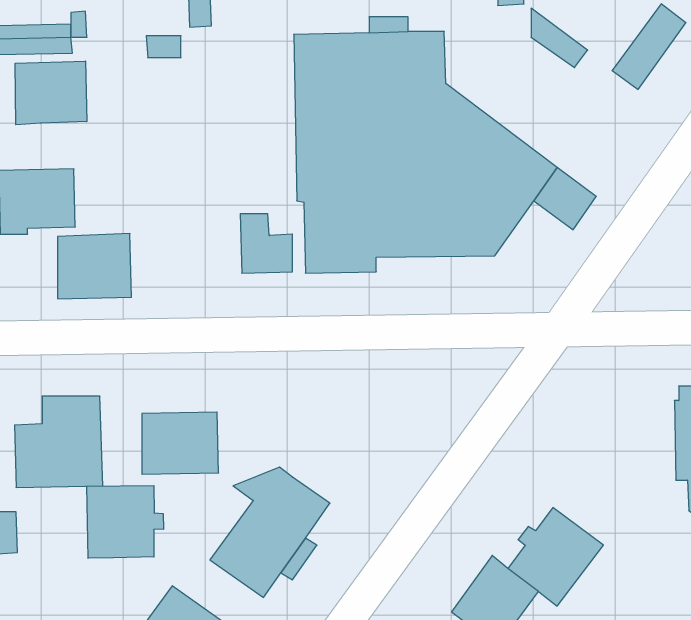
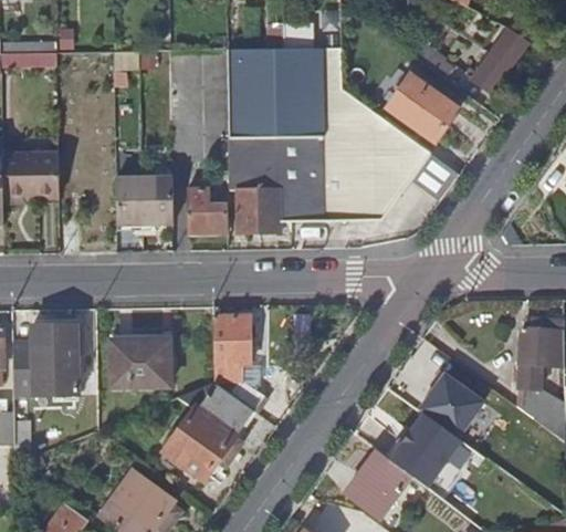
building: [15,61,87,125] -> none
building: none -> [385,71,457,142]
building: [58,234,131,299] -> [116,176,172,226]
building: none -> [213,314,264,408]
building: none -> [420,367,488,434]
building: [87,486,164,558] -> none

